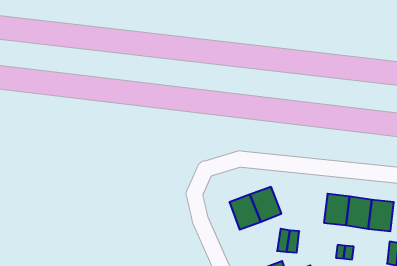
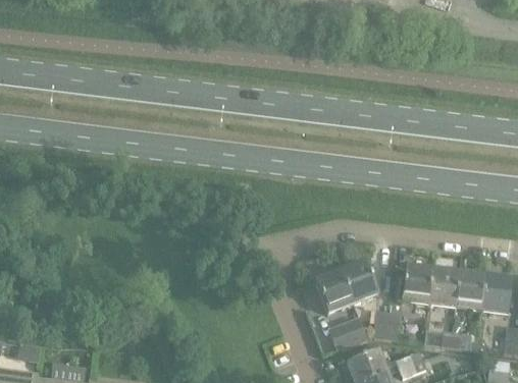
building: none -> [400,266,431,304]
building: none -> [331,318,365,348]

